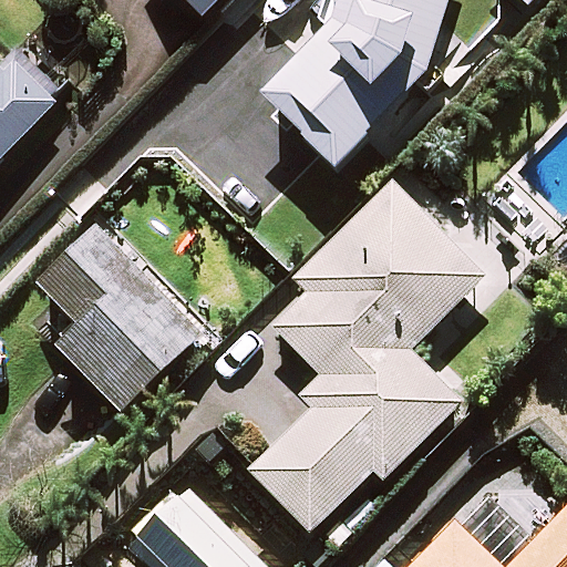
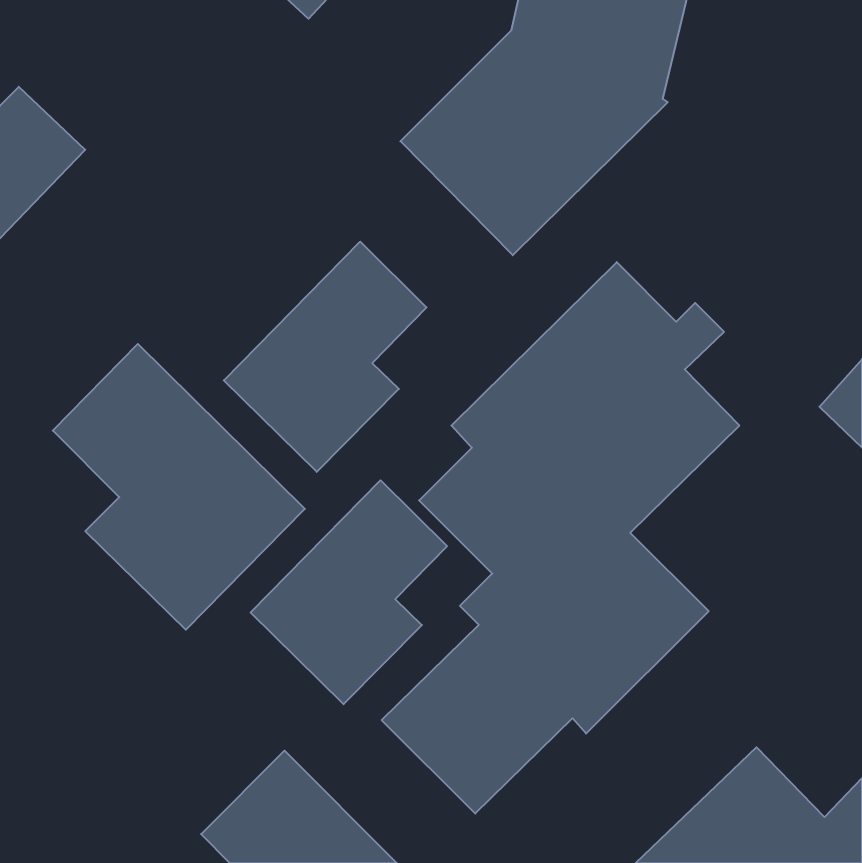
building: none -> [224,242,427,472]
building: none -> [251,480,447,704]

